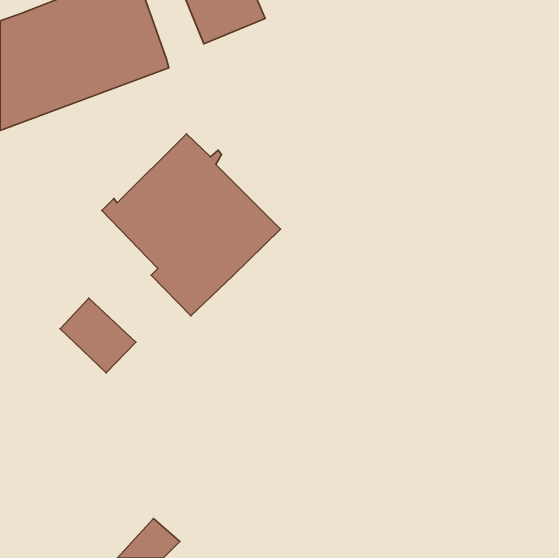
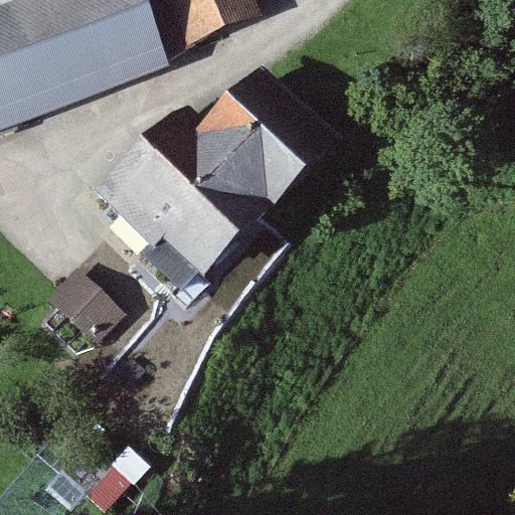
building: none -> [199,81,319,210]

